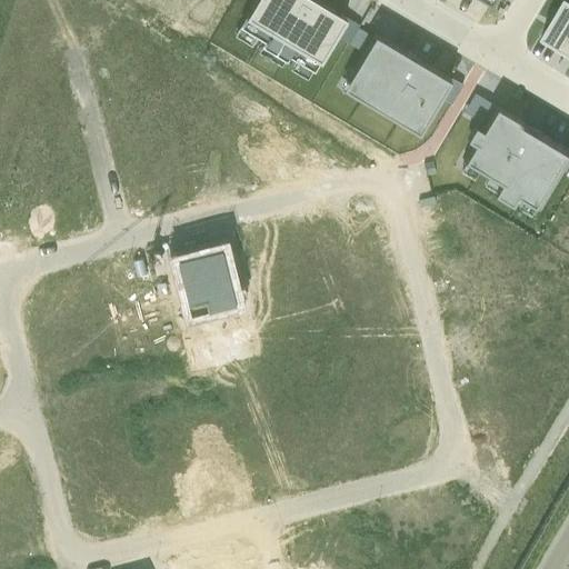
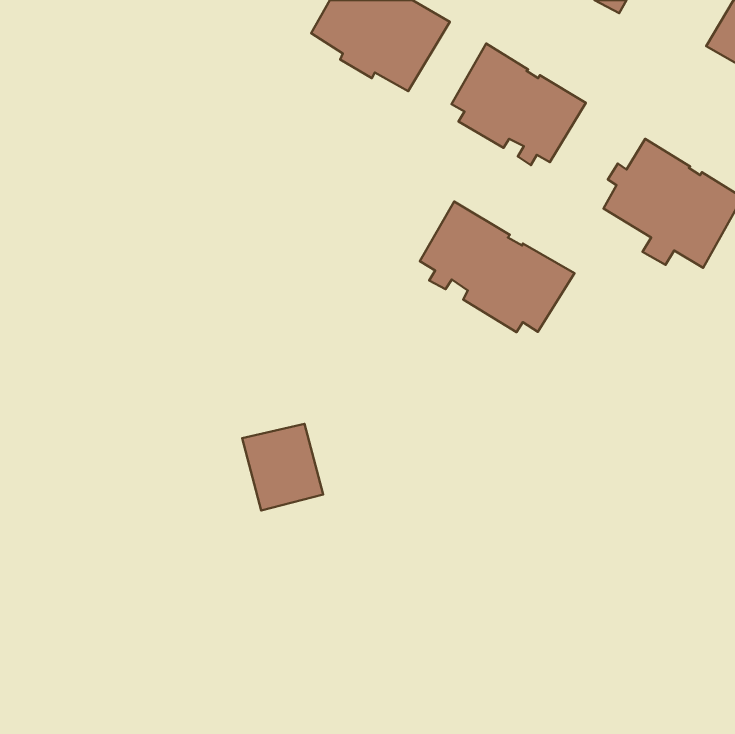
building: none -> [420,202,574,332]
building: [177,250,239,317] -> [242,424,323,511]

